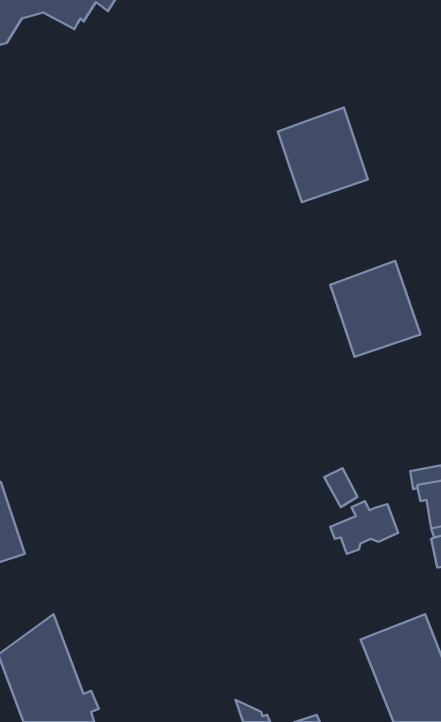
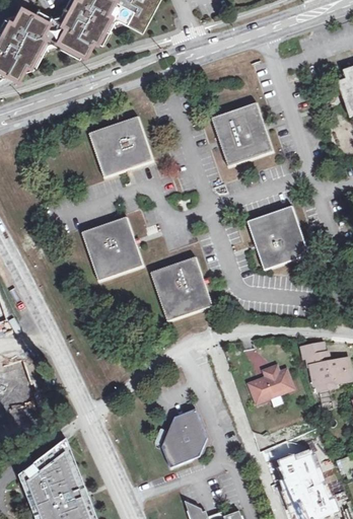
building: none -> [88,117,153,177]
building: none -> [82,218,143,282]
building: none -> [151,257,212,321]
building: none -> [161,410,207,468]

